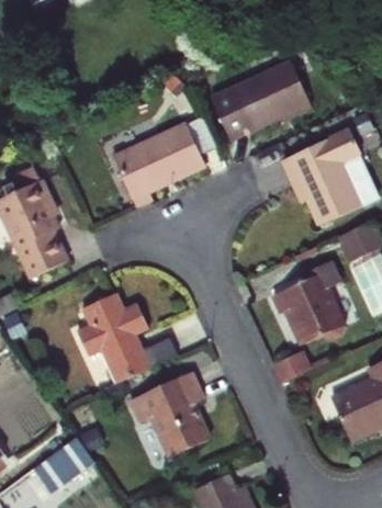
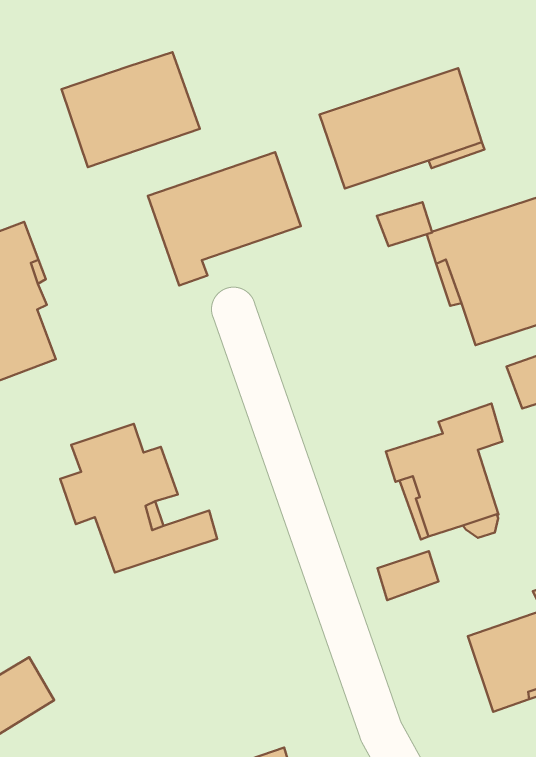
building: none -> [62,52,200,167]
building: [131,374,210,458] -> none

